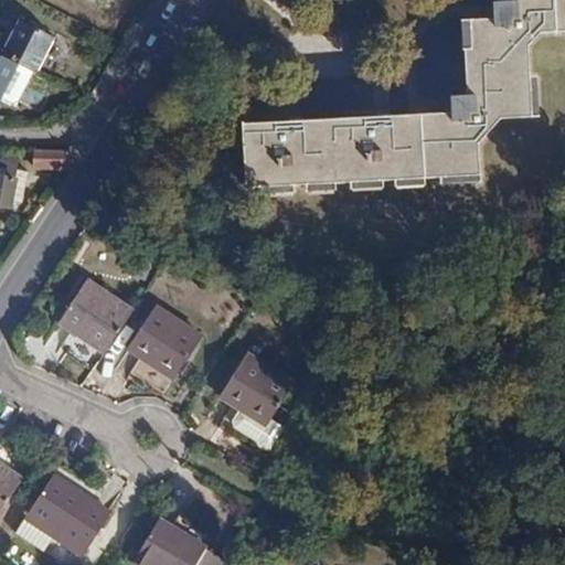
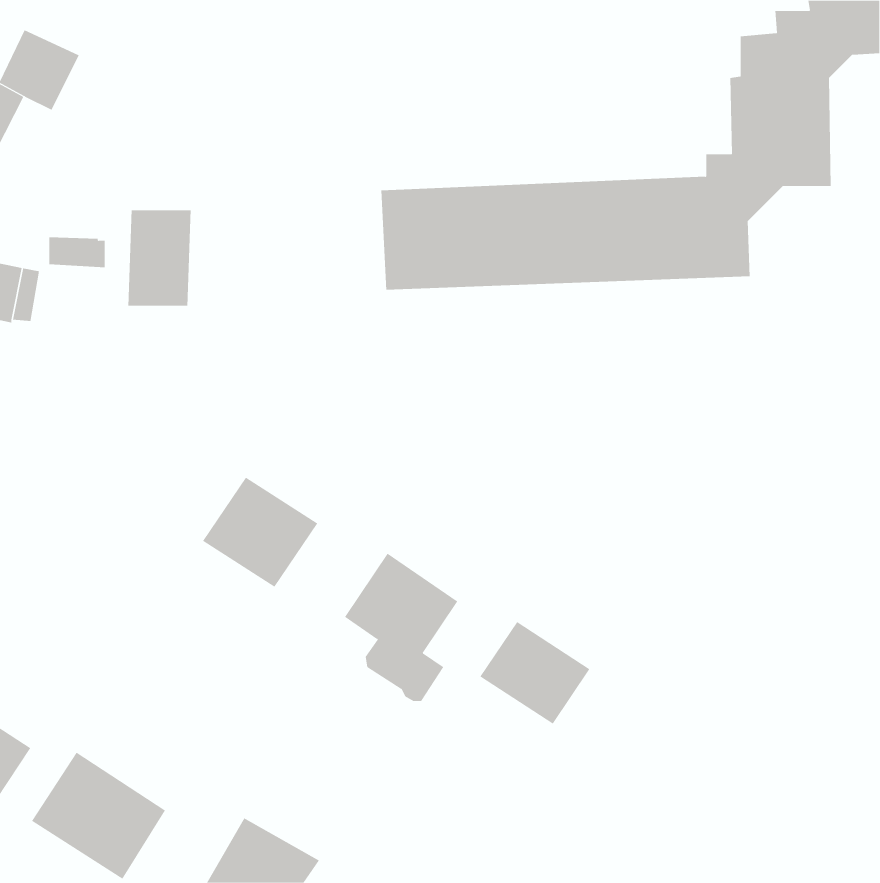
building: none -> [128,210,191,306]
building: [58,277,134,351] -> none
building: none -> [480,621,590,725]

